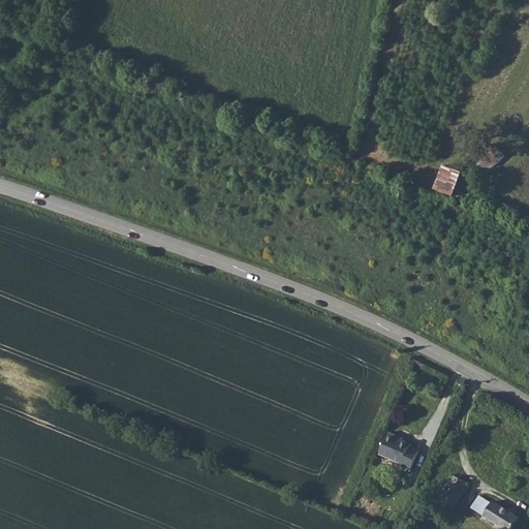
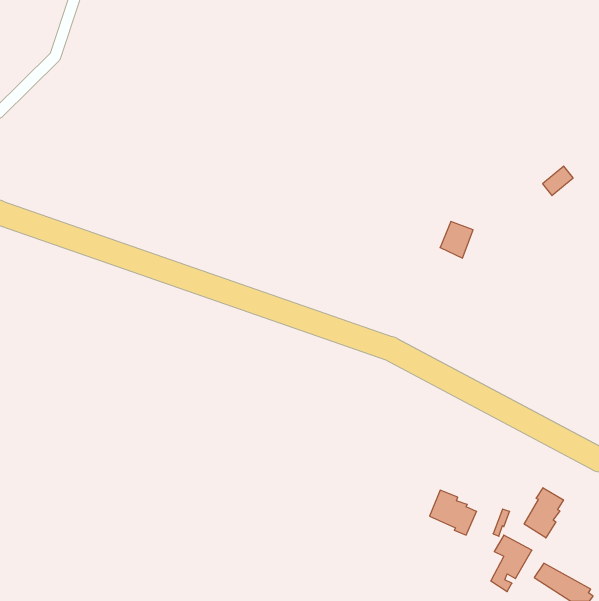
building: [432,164,461,196] -> [440,222,473,258]
building: none -> [524,488,563,538]

